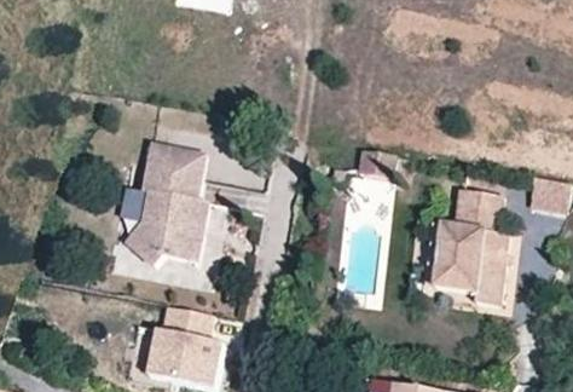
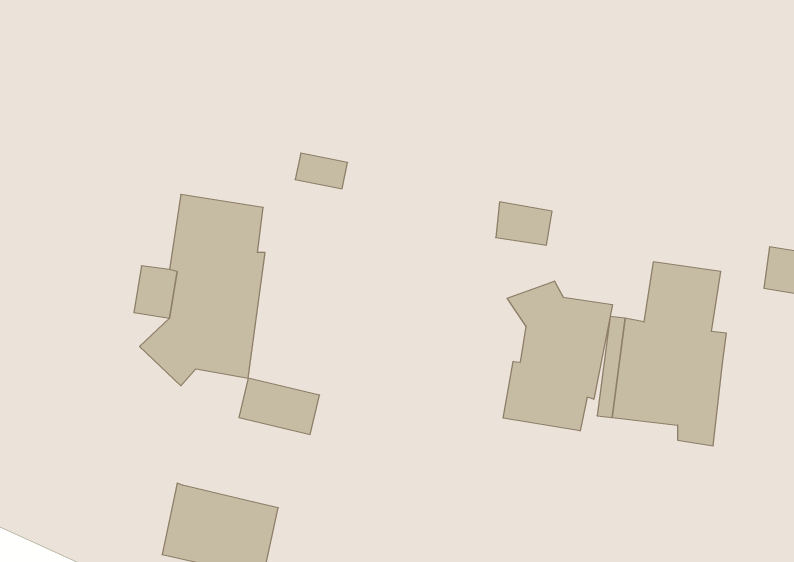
building: none -> [503,281,612,431]
building: [154,305,206,341] -> [239,378,320,435]

